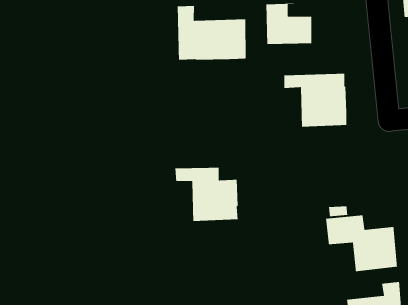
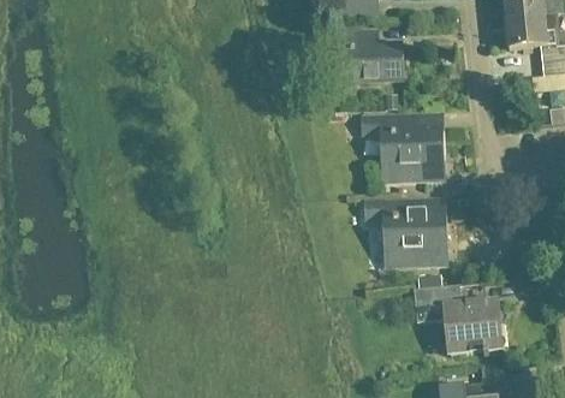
building: [177,5,247,62] -> none
building: [175,167,240,222] -> [365,198,445,265]

